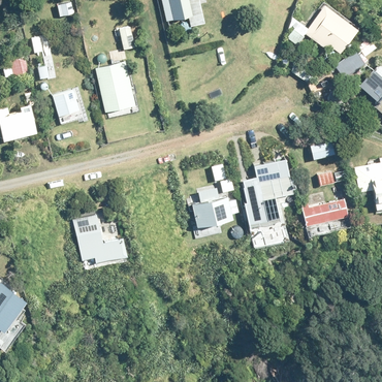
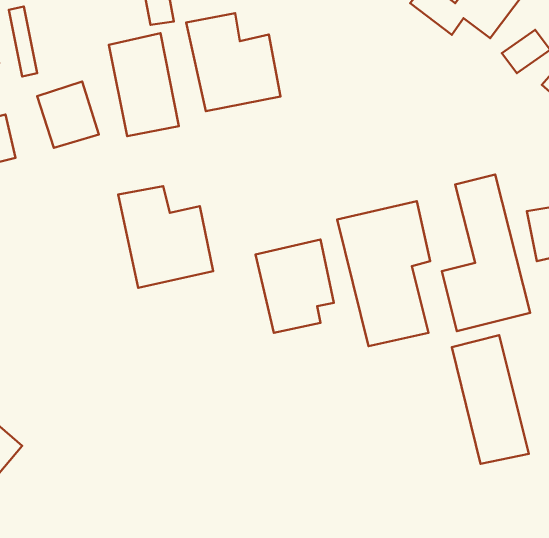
building: none -> [186,13,281,111]
building: [72,213,131,276] -> [118,186,213,288]
building: none -> [452,335,529,464]

